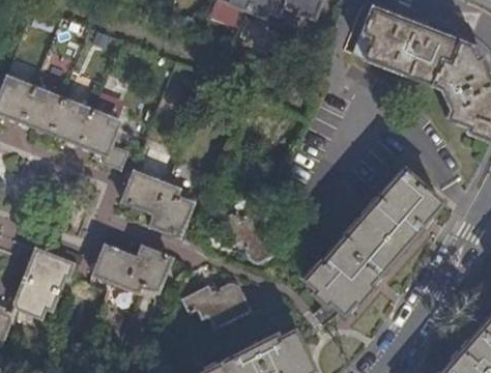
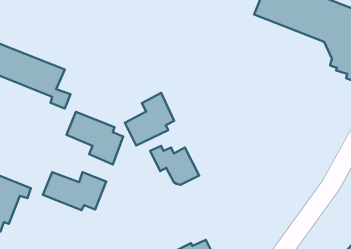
building: none -> [125,93,174,146]
building: [306,169,440,325] -> none
building: [184,286,251,329] -> none

